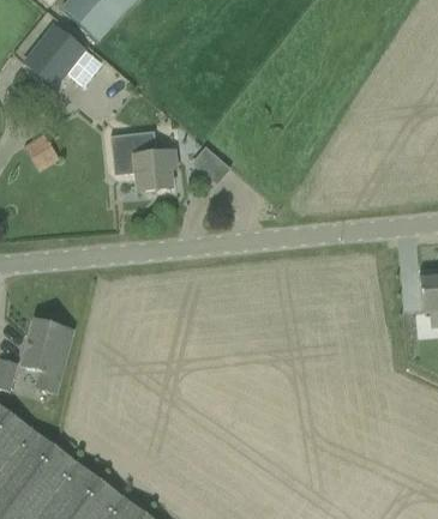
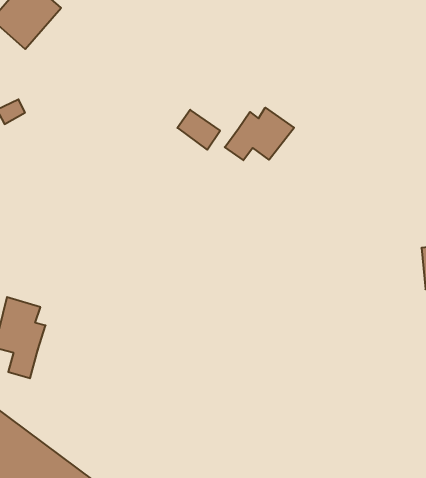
building: [110,133,176,192] -> none
building: none -> [225,108,294,160]

